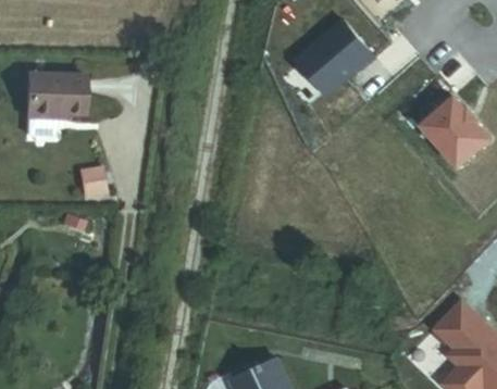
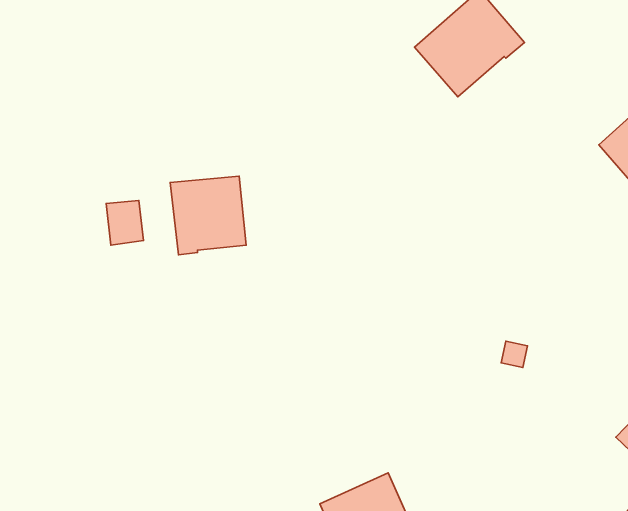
building: [29,75,88,116] -> none
building: none -> [170,176,246,255]

